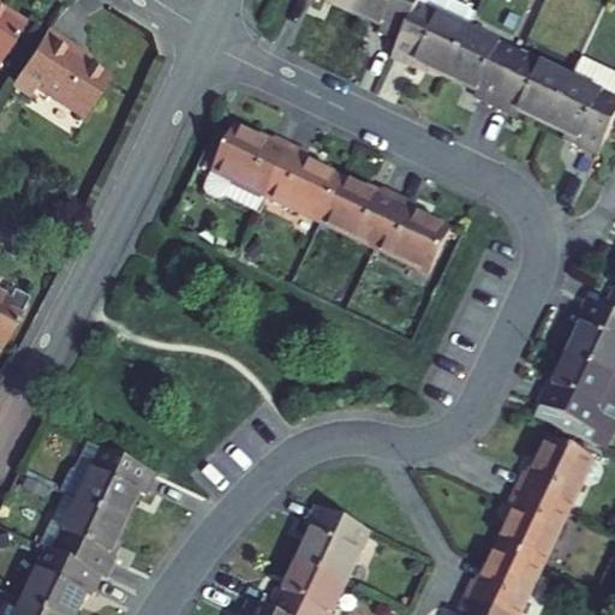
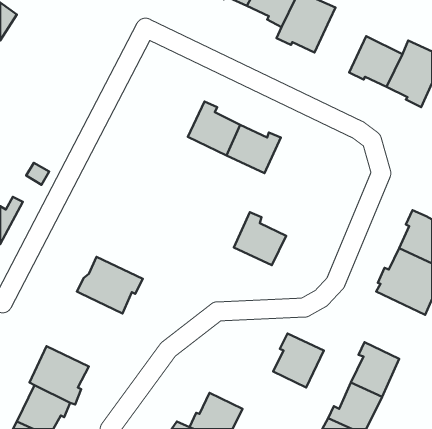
building: [12,28,109,115] -> none
building: [447,28,520,103] -> none
building: [204,126,291,210] -> none
building: [376,196,450,271] -> [234,212,286,265]
building: [518,436,593,510] -> none
building: [61,441,155,521] -> [77,257,143,313]
building: [298,504,370,581] -> [273,333,324,388]

